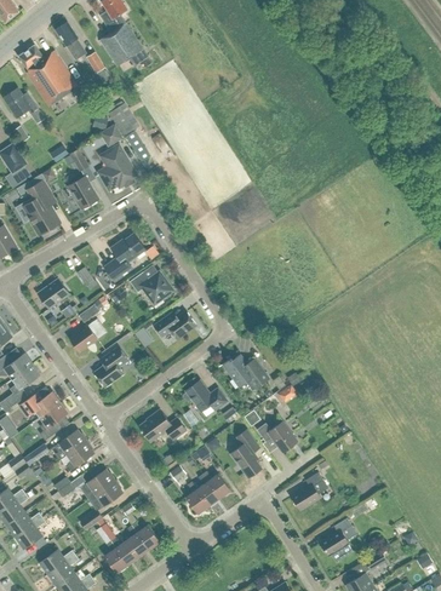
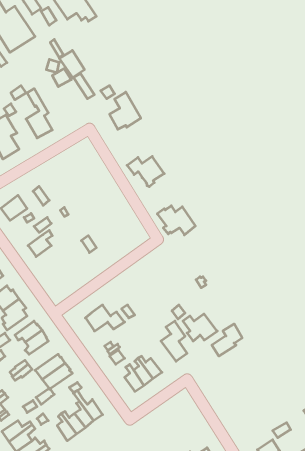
building: [99,144,137,189] -> [110,92,141,129]
building: [104,234,145,279] -> none
building: [130,270,174,306] -> [127,156,164,187]
building: [154,310,196,338] -> none
building: [94,345,127,385] -> none
building: [223,354,269,389] -> [157,206,195,235]
building: [182,379,228,411] -> none
building: [292,471,328,510] -> [212,324,242,356]
building: [320,517,356,556] -> none

